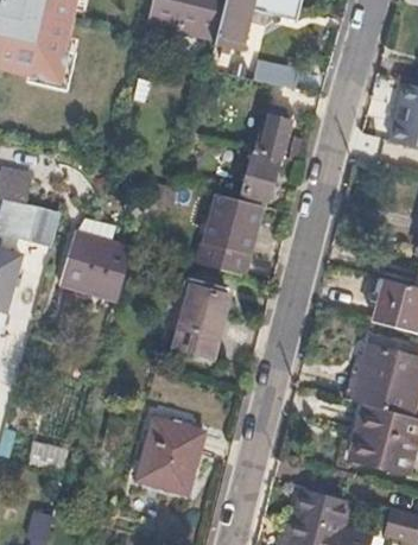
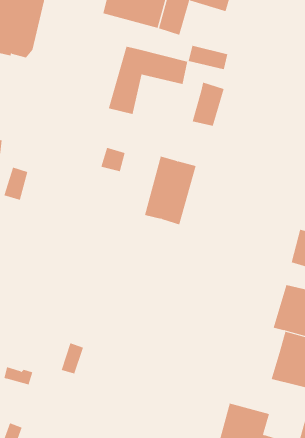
building: none -> [108,46,188,115]
building: [247,151,279,201] -> none
building: [56,215,129,299] -> none
building: [172,283,240,357] -> none
building: [134,416,203,493] -> none

